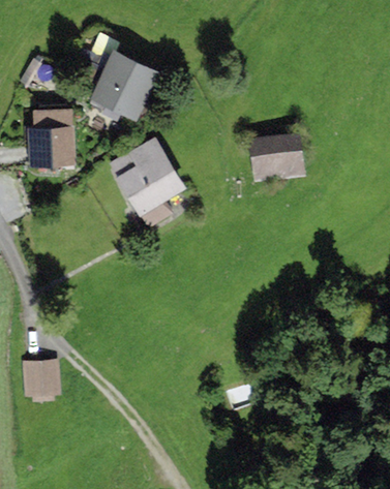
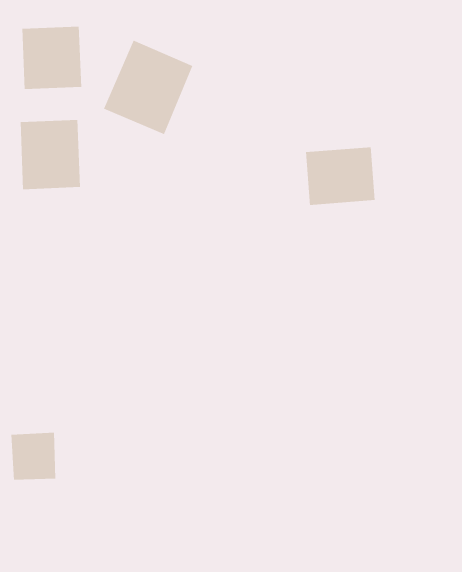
building: none -> [22,26,82,90]
building: [107,135,186,218] -> none

